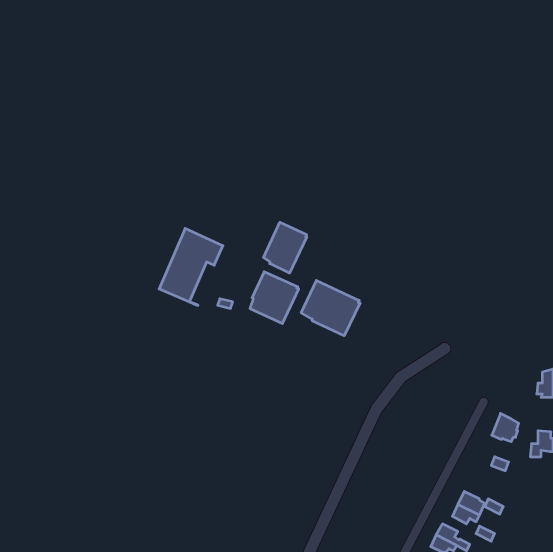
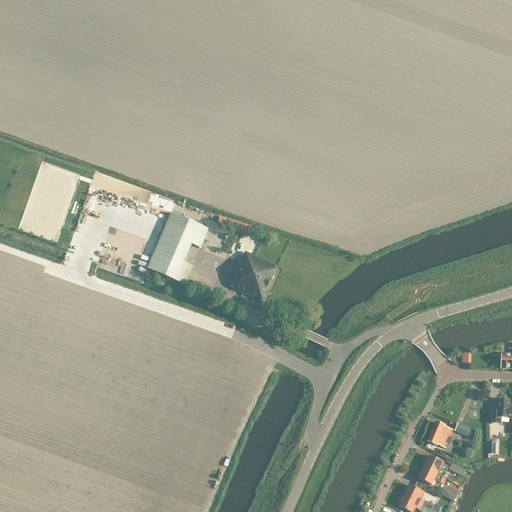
building: [264,222,307,273] -> none
building: [301,280,360,336] -> none
building: [492,413,519,442] -> [427,420,452,446]

